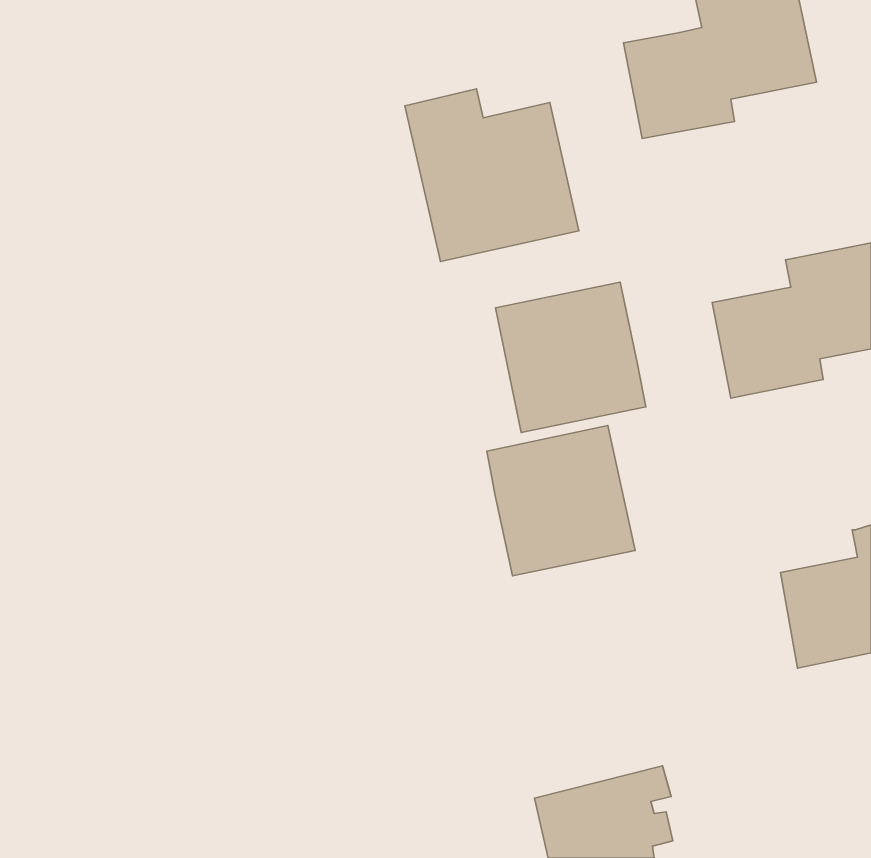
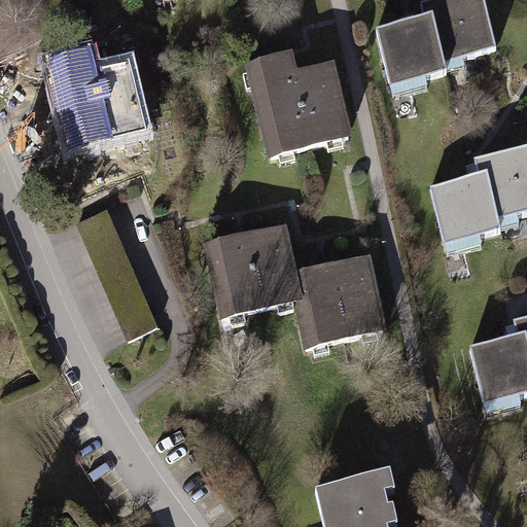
building: none -> [49,49,144,145]
building: [495,282,646,432] -> [208,223,298,314]
building: none -> [78,202,161,332]

